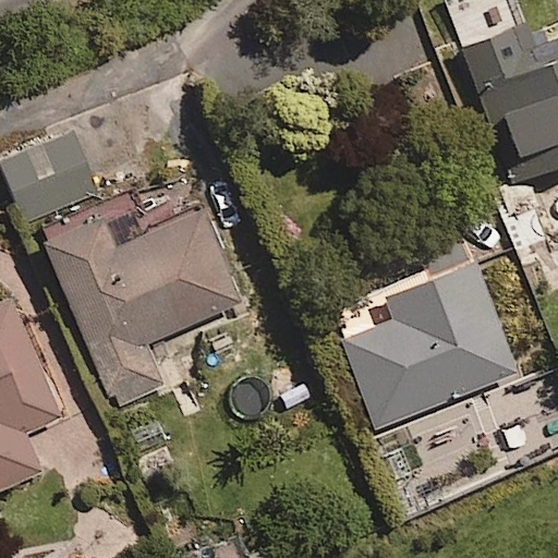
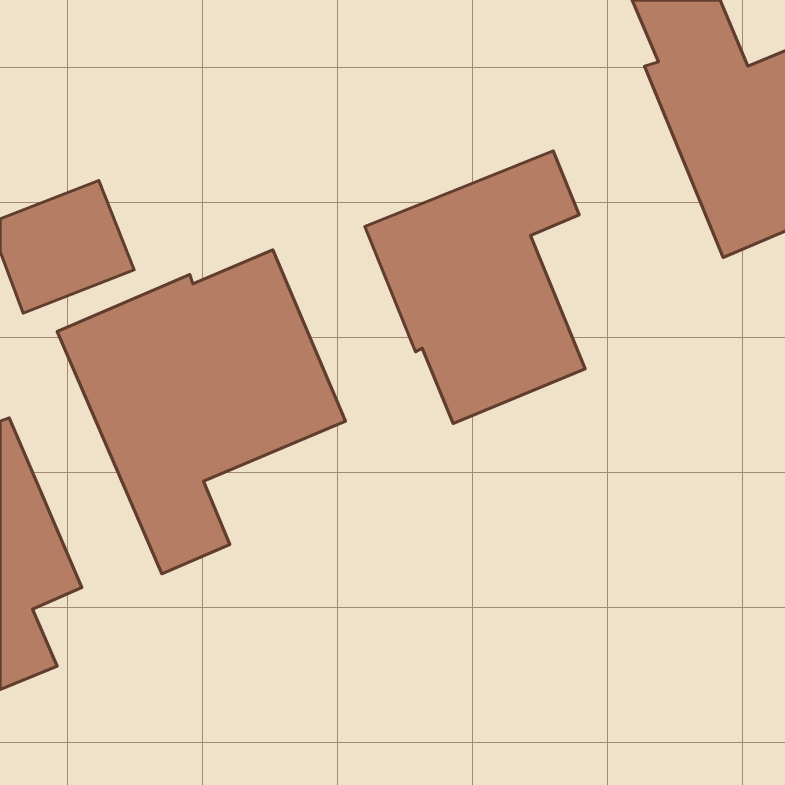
building: none -> [365,151,585,424]
building: [335,263,511,432] -> none

